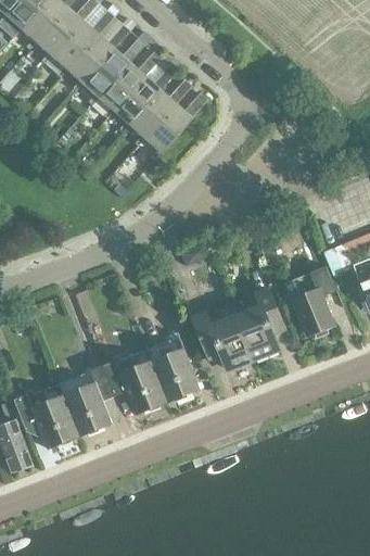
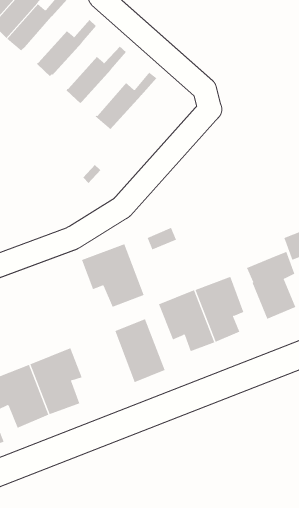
building: [49,9,113,68] -> none
building: [79,36,144,97] -> none
building: [111,63,175,124] -> none
building: [142,90,206,152] -> none
building: [101,349,167,416] -> [81,243,144,308]

